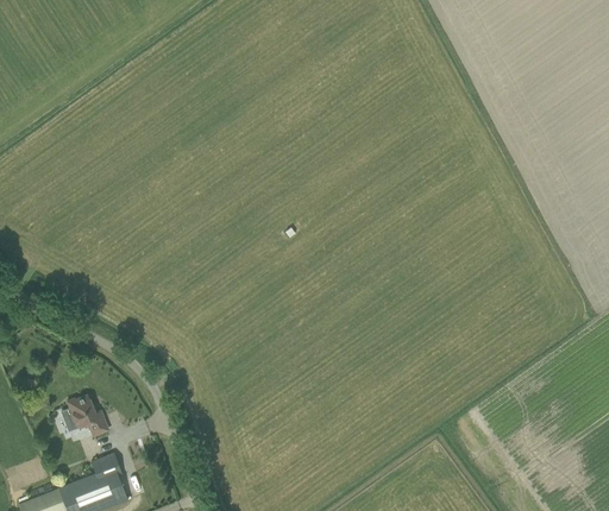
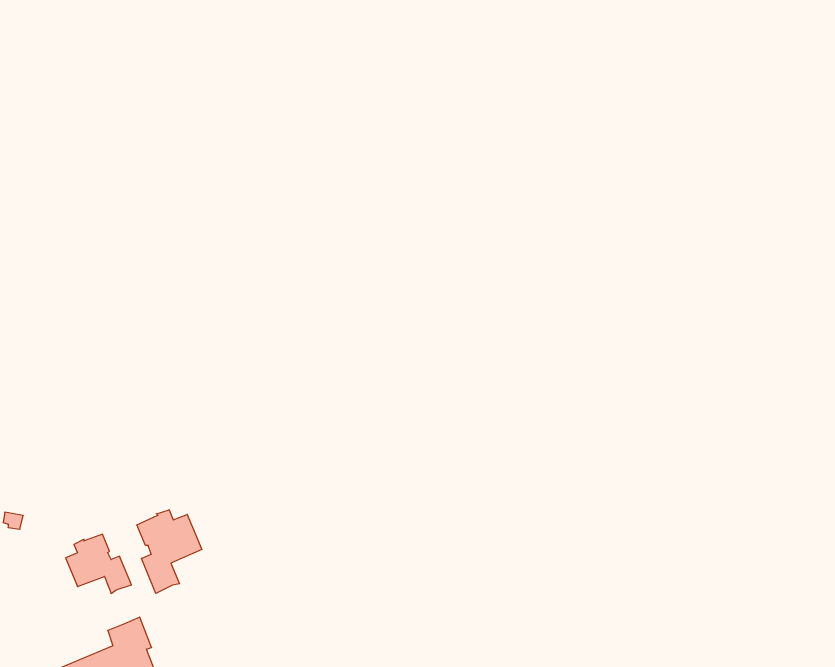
building: none -> [137,510,202,593]

